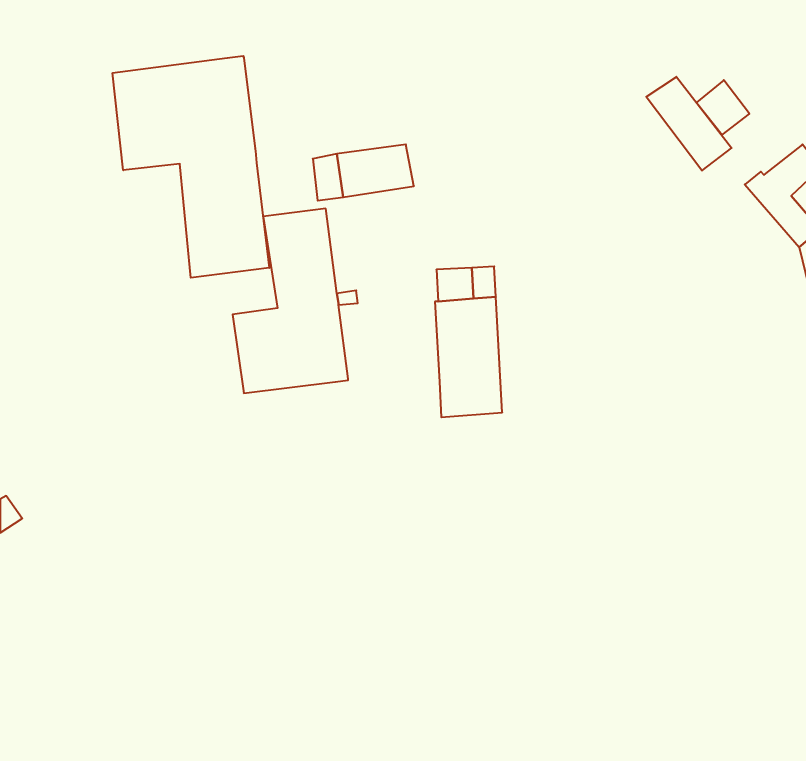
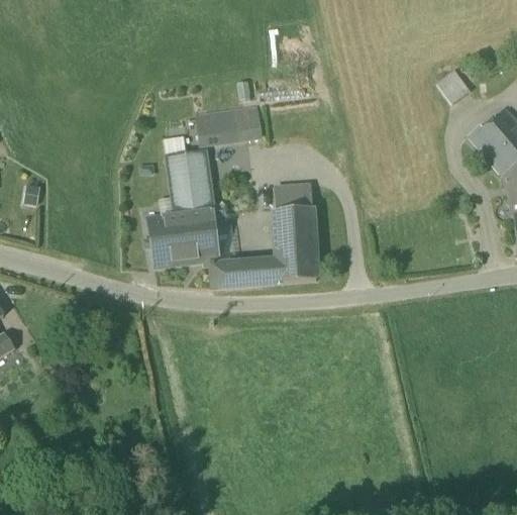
building: [113,56,269,278] -> none
building: [646,77,732,171] -> none
building: none -> [211,259,278,286]

